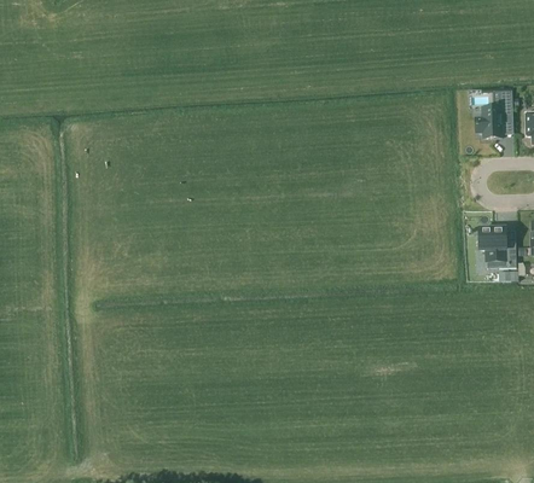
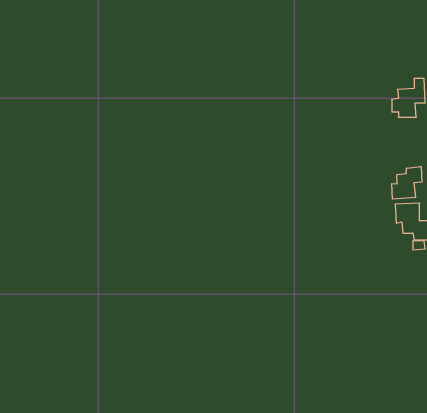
building: none -> [392,166,422,199]

